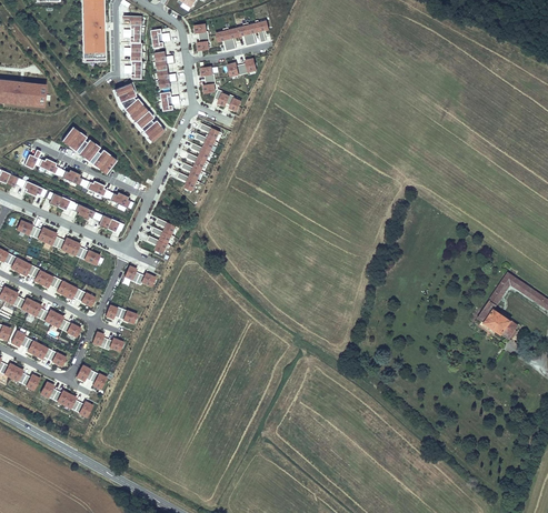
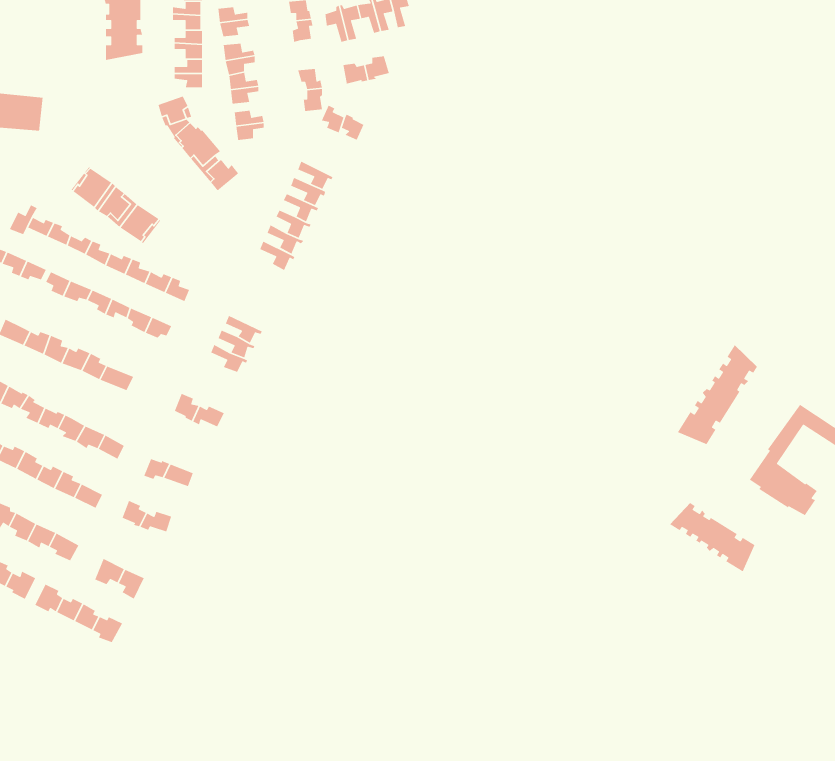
building: none -> [677,344,758,445]
building: none -> [669,502,756,573]

